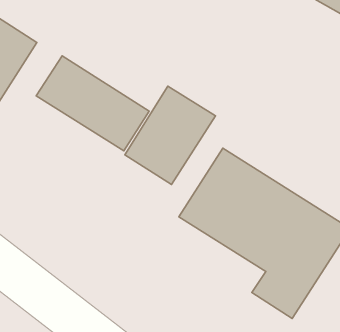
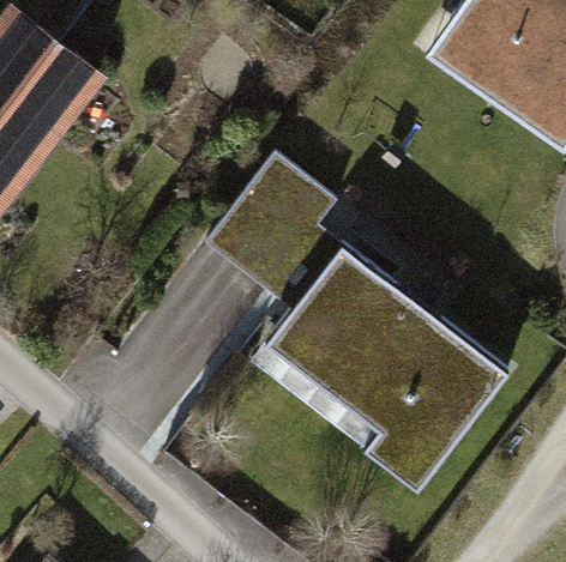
building: [36,56,149,151] -> none

